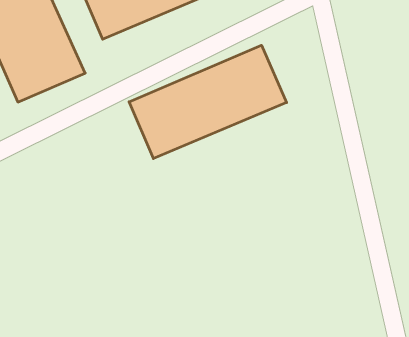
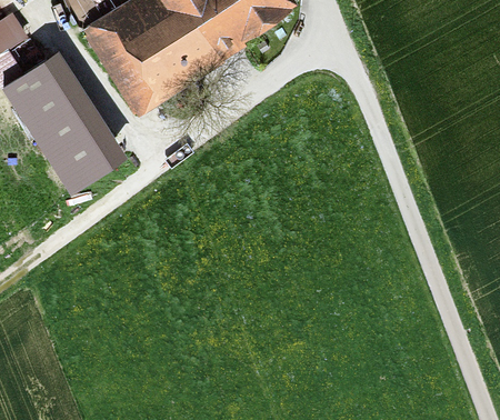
building: [129,45,287,159] -> none

